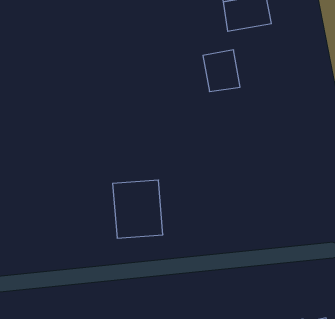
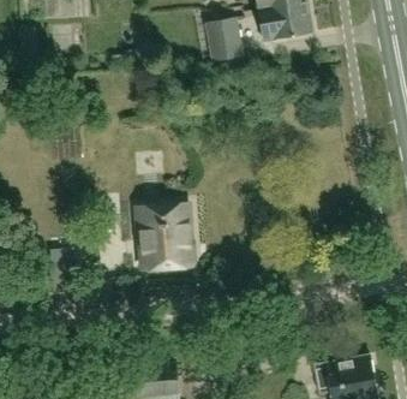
building: [203,50,240,92] -> [204,16,245,61]

